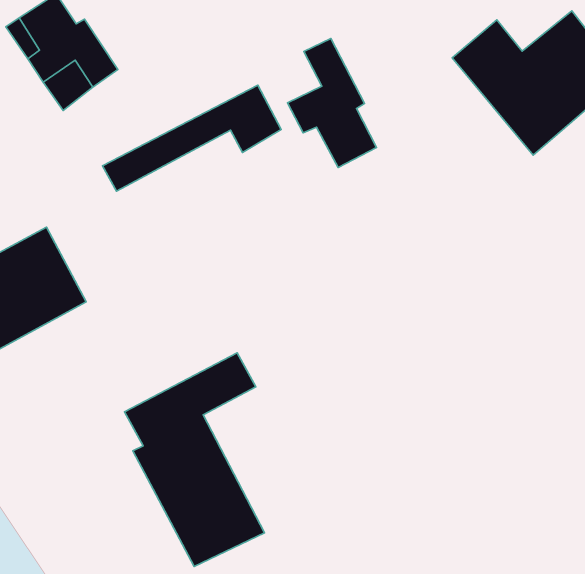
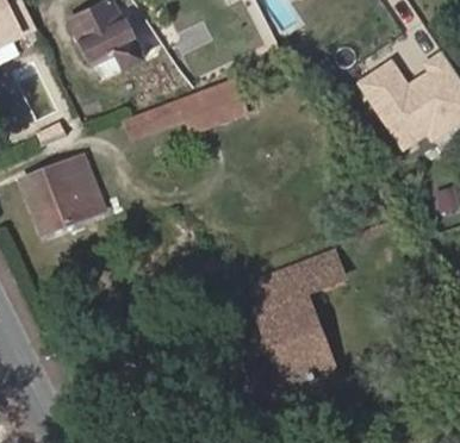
building: [288,39,377,167] -> none
building: [125,353,264,567] -> [254,254,342,391]

